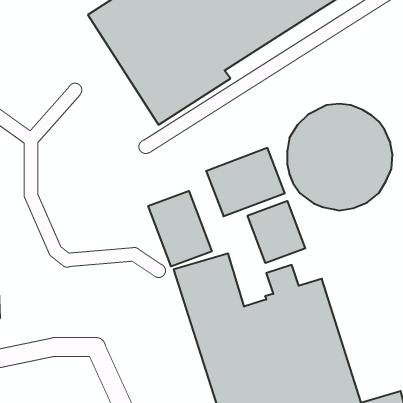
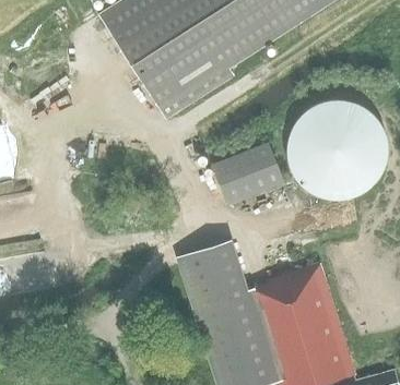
building: [148,191,212,266] -> none
building: [248,201,305,263] -> none

